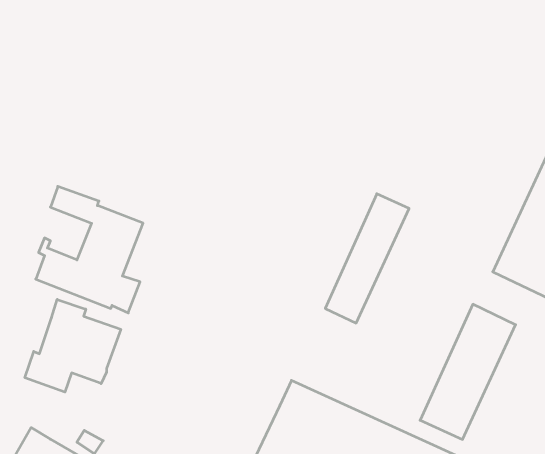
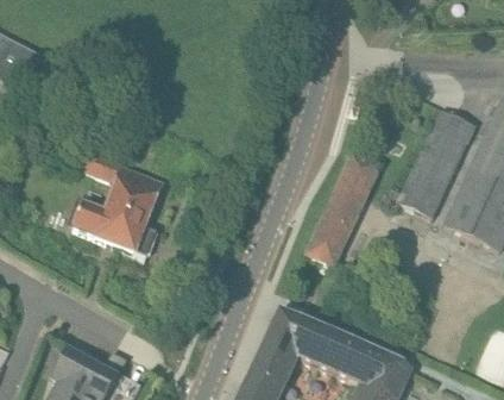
building: [25,299,121,392] -> none
building: [420,304,516,439] -> [397,106,474,215]

